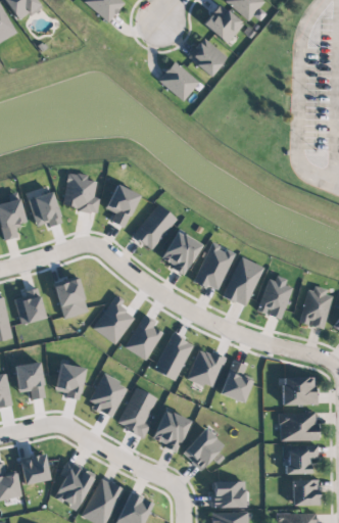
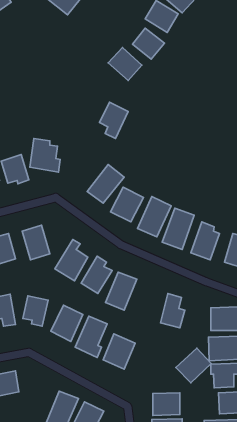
building: [105,184,140,228] -> [99,102,128,138]
building: [188,348,226,389] -> none
building: [182,428,225,470] -> [176,348,211,383]
building: [54,460,95,510] -> none

